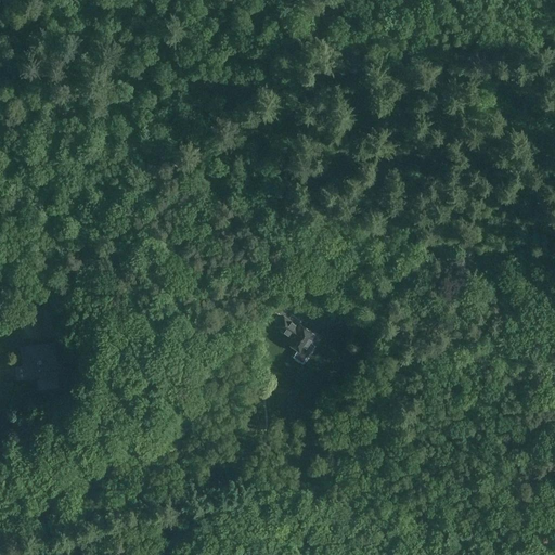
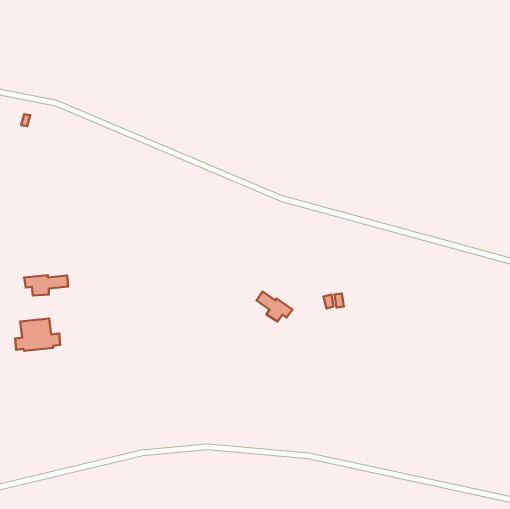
building: none -> [24,275,68,296]

